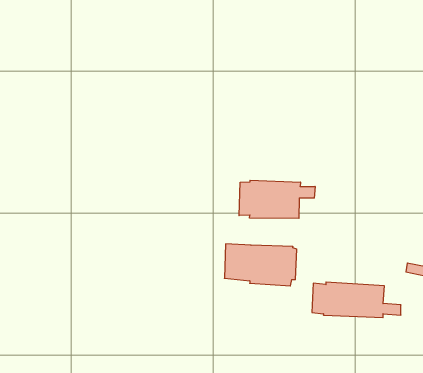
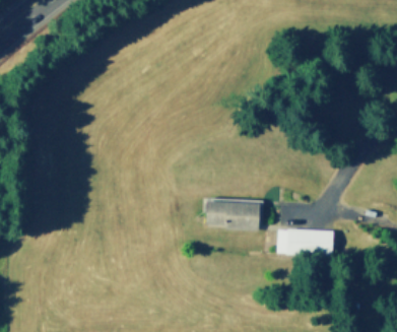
building: [239,180,315,218] -> none

